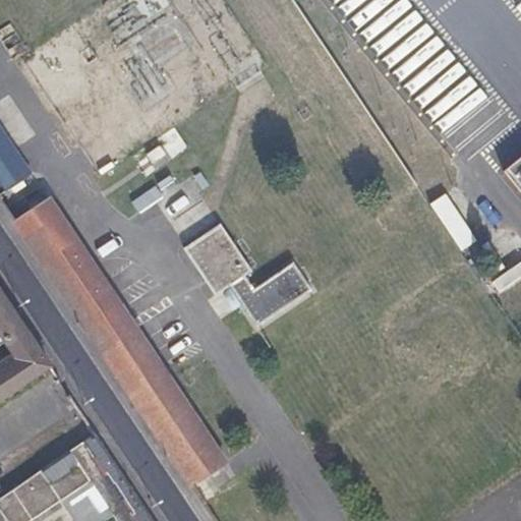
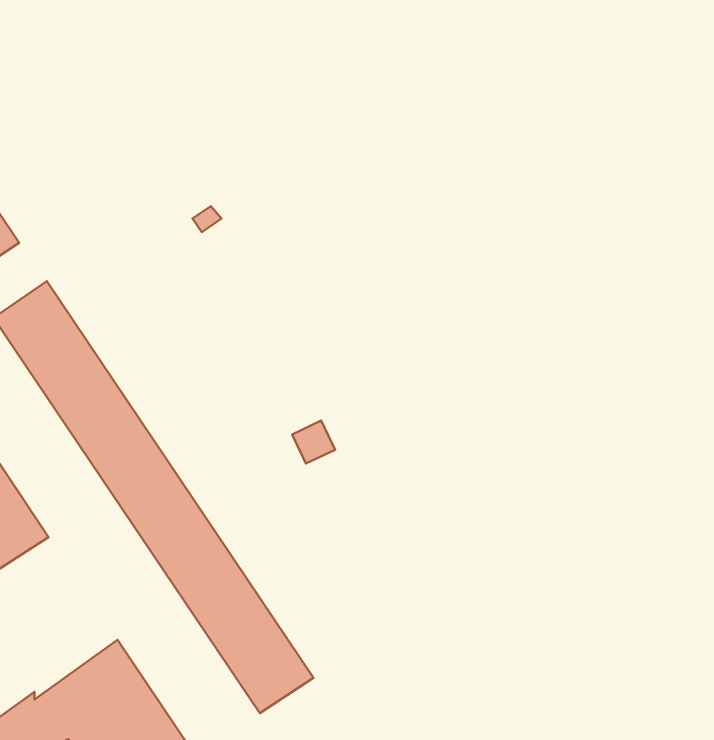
building: [183,223,309,325] -> none

